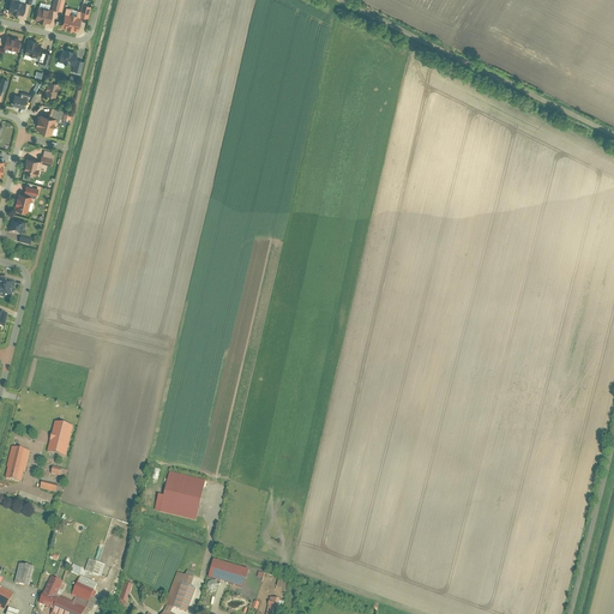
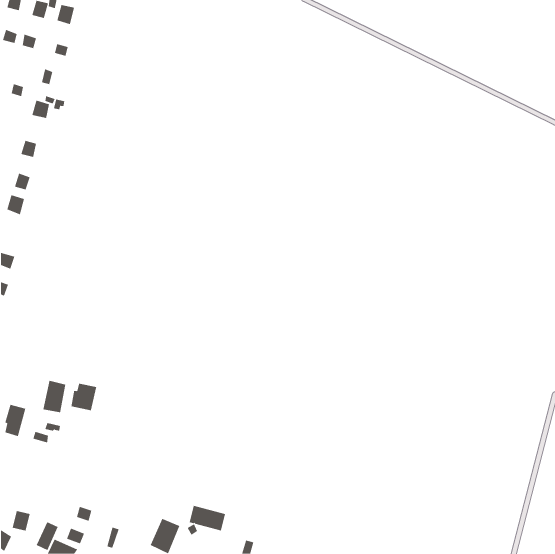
building: none -> [71,383,97,411]
building: [162,475,206,519] -> none

